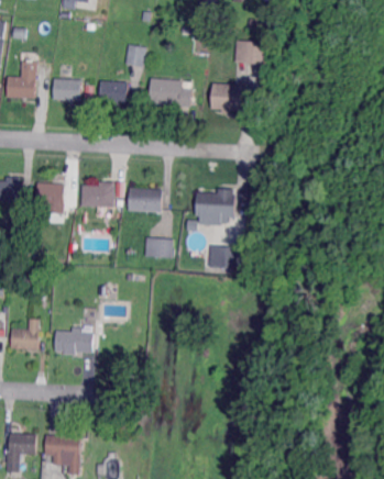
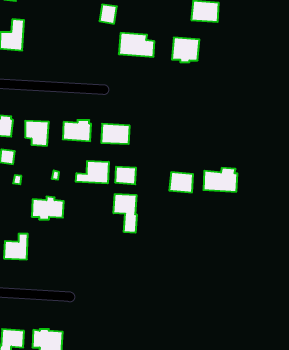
building: [53,78,81,101] -> none
building: [98,81,127,103] -> none
building: [197,189,238,218] -> [203,168,237,192]
building: none -> [76,161,109,183]
building: none -> [114,194,137,233]
building: [55,326,94,354] -> [32,197,64,219]

